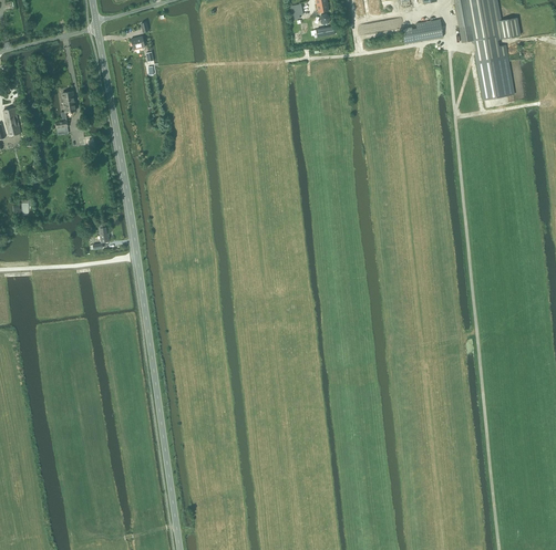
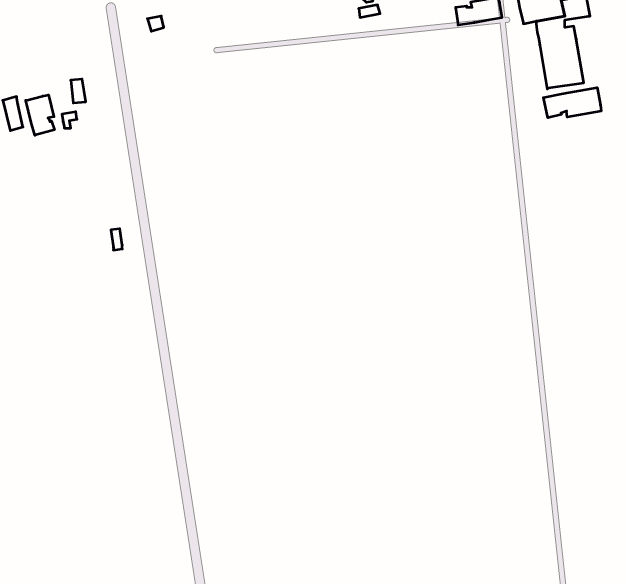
building: none -> [543,88,601,118]
building: none -> [26,95,54,135]

